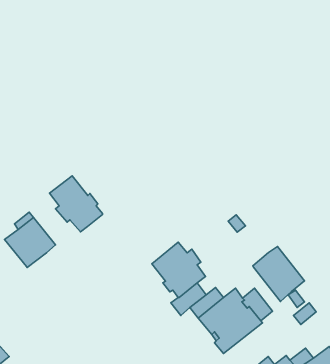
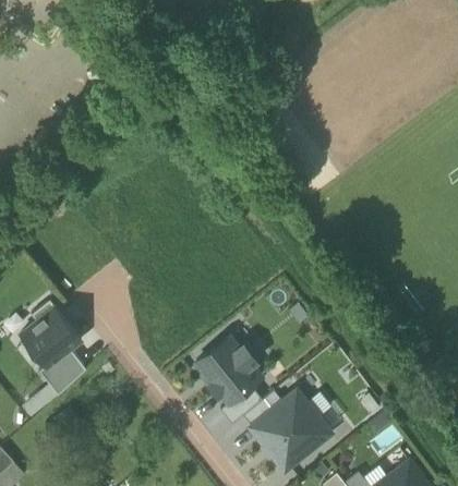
building: [49,176,103,232] -> none
building: [253,247,305,301] -> none
building: none -> [39,350,86,396]

